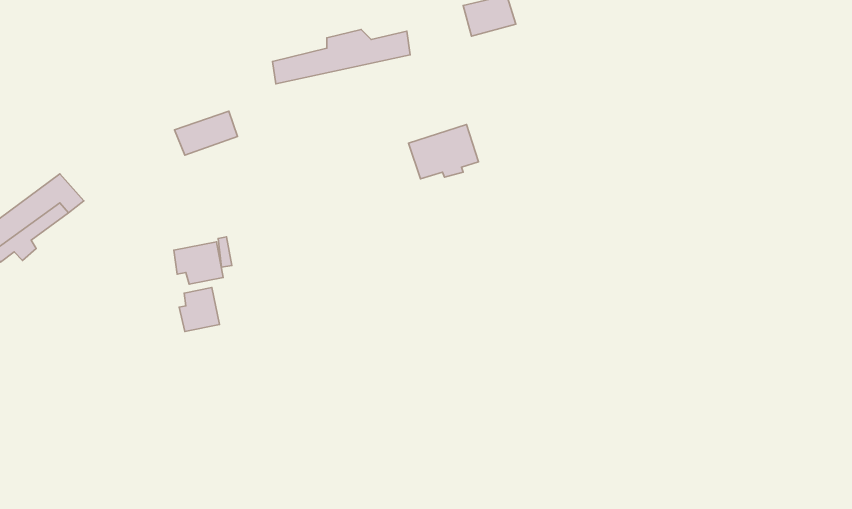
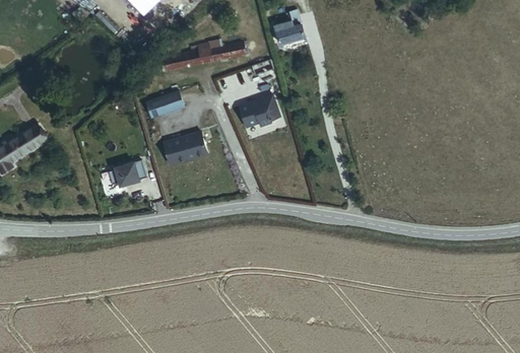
building: [175,111,237,155] -> [151,87,189,114]
building: none -> [169,130,212,162]
building: [179,288,219,331] -> none

